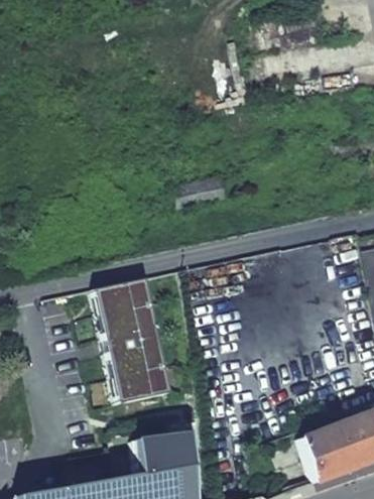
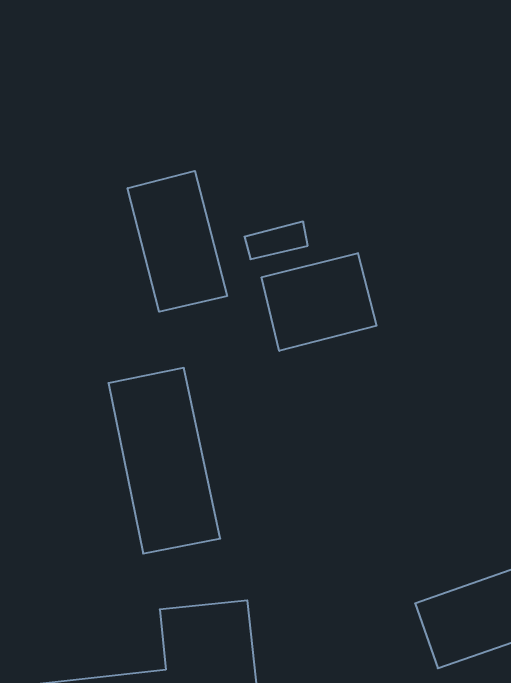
building: none -> [128,171,227,312]
building: none -> [262,253,377,351]

